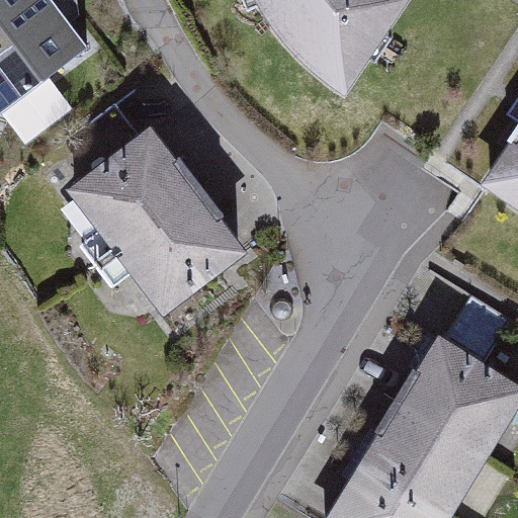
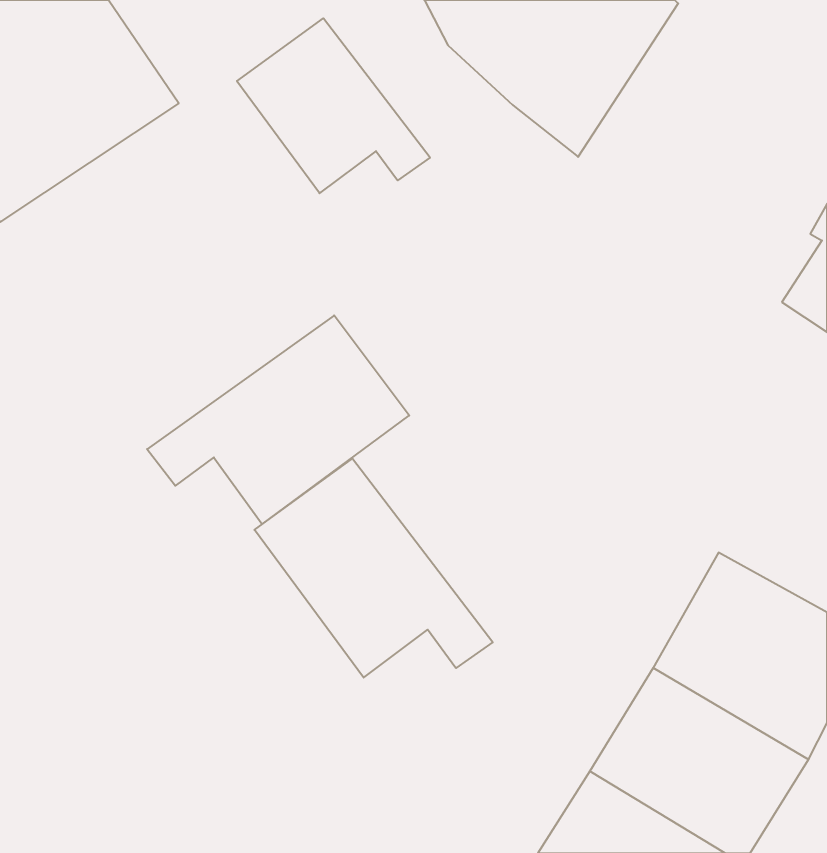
building: none -> [237,18,430,193]
building: [66,125,202,272] -> none
building: none -> [254,459,493,678]

